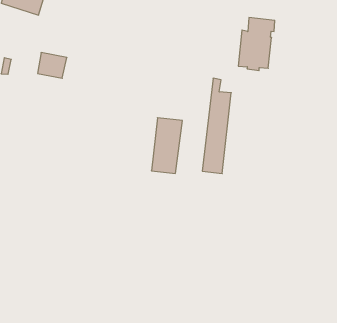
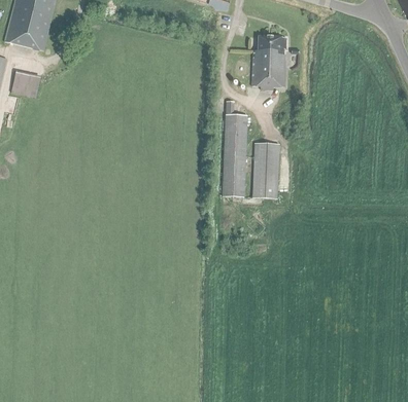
building: [38,53,67,78] -> [13,72,42,97]
building: [151,118,182,173] -> [252,143,280,198]

